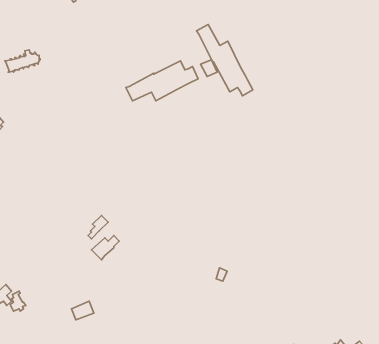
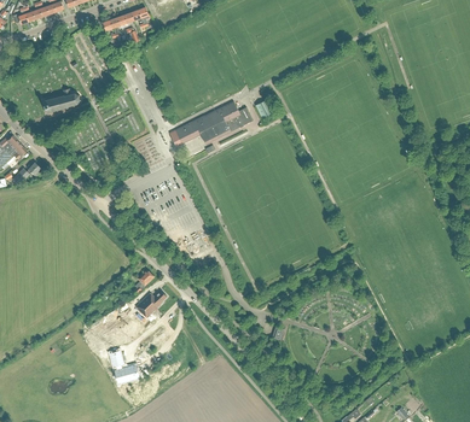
building: [197,24,253,96] -> none

